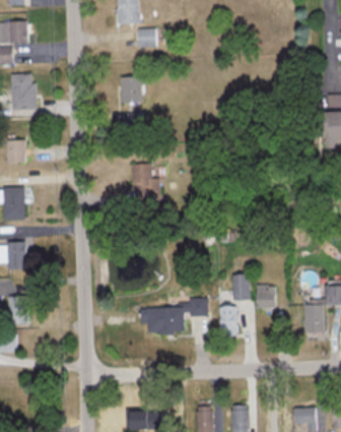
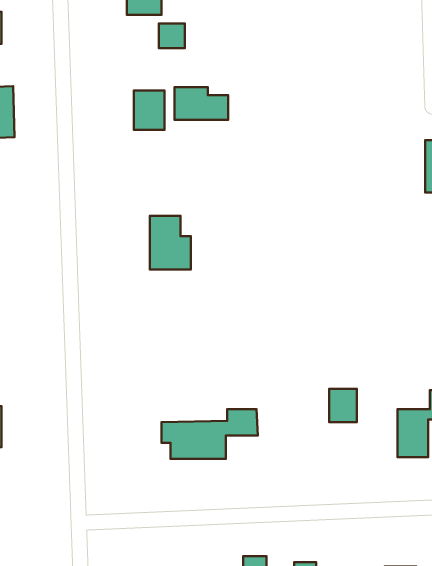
building: none -> [174,87,228,120]
building: [232,275,248,300] -> none
building: [220,306,237,336] -> none

